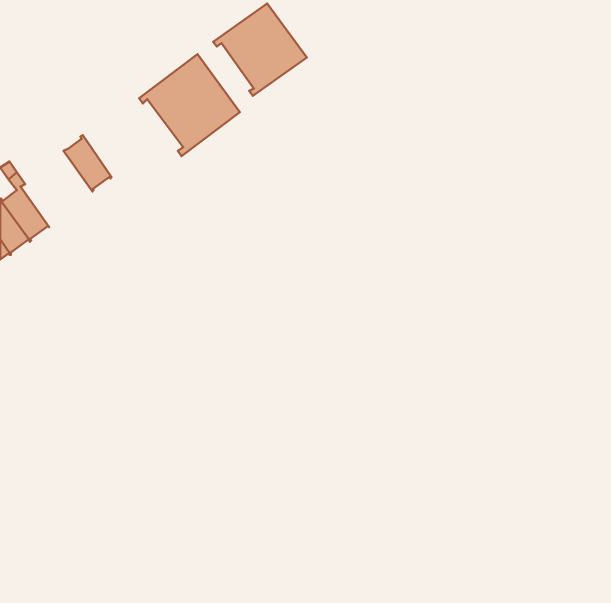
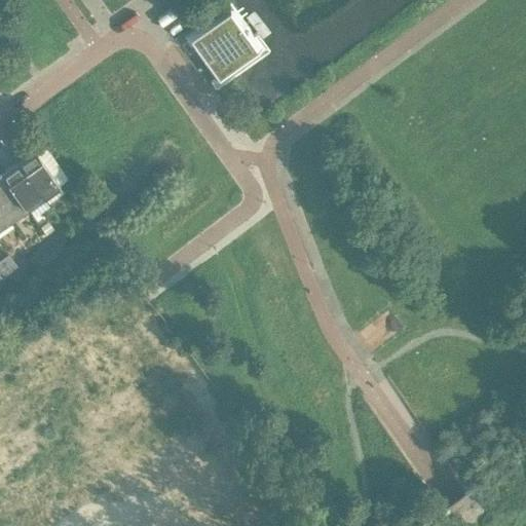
building: [139,54,240,156] -> none
building: [64,135,112,192] -> [18,154,60,202]

